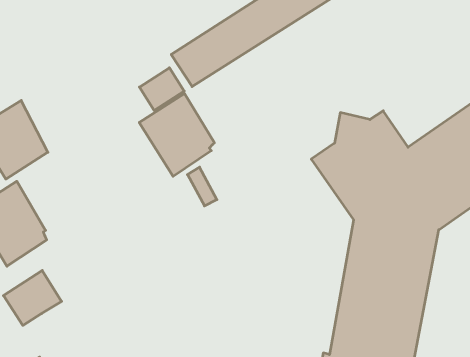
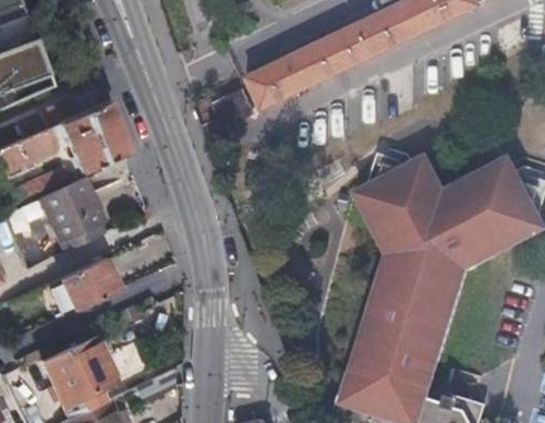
building: [139,93,214,176] -> none

